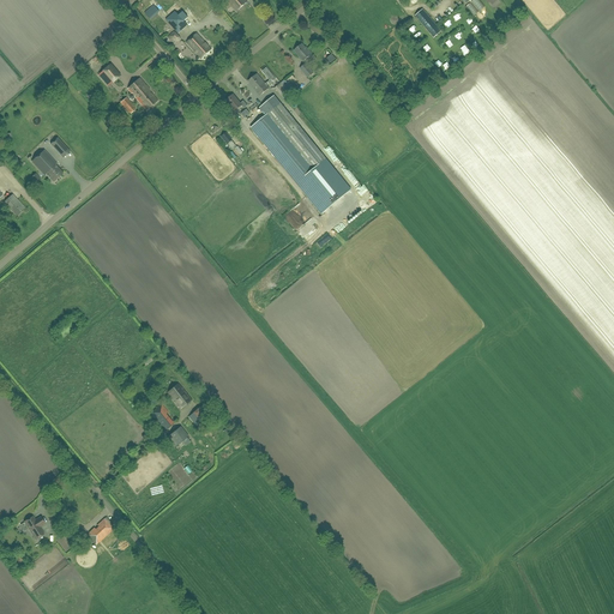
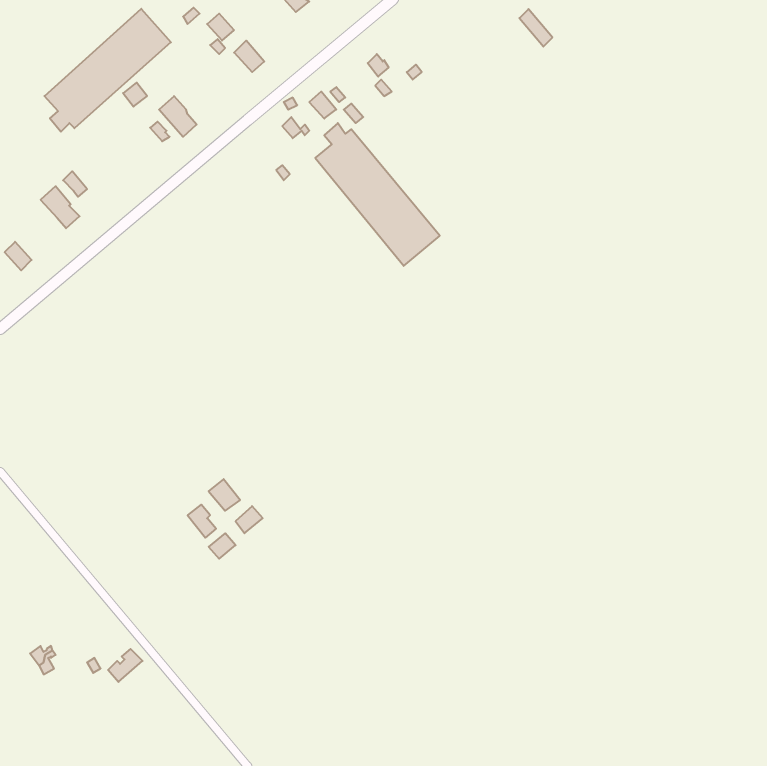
building: none -> [44,9,171,132]

